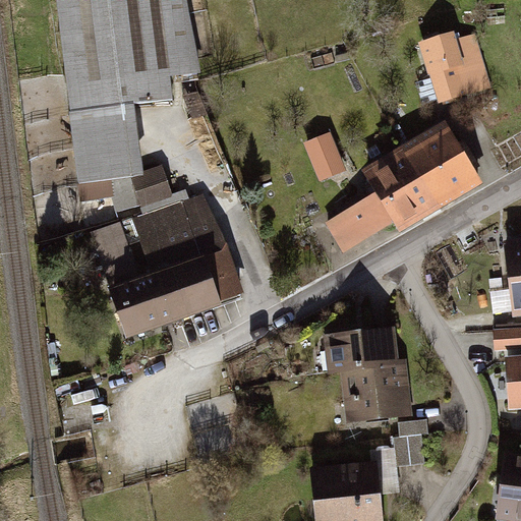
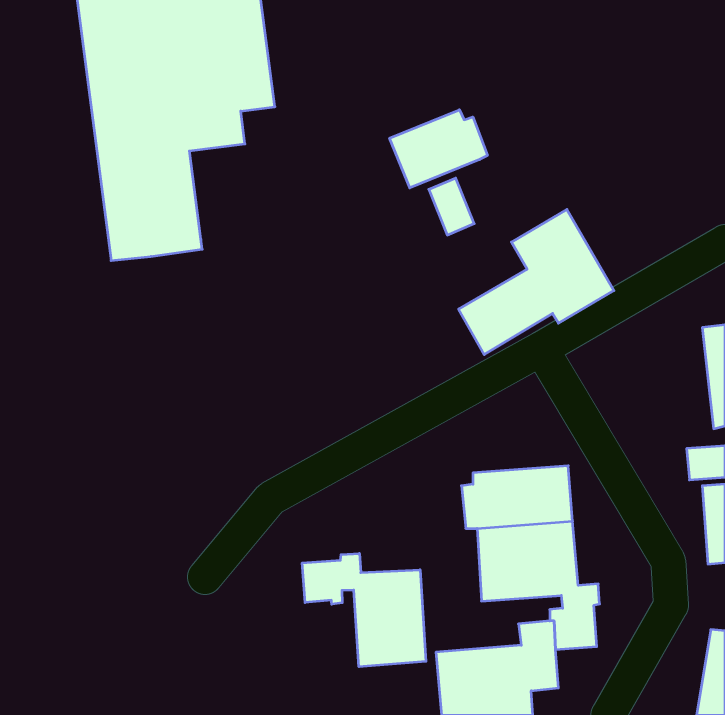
building: [425,25,487,93] -> none
building: none -> [390,110,487,188]
building: [405,125,480,208] -> none
building: [91,166,242,341] -> none
building: none -> [302,553,426,667]

